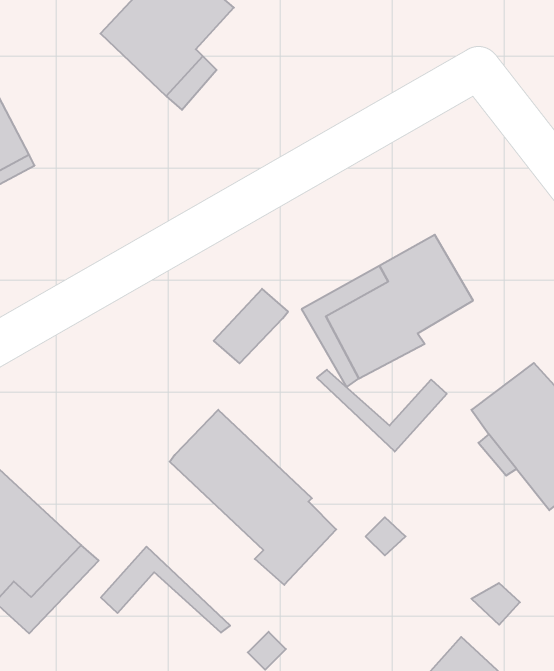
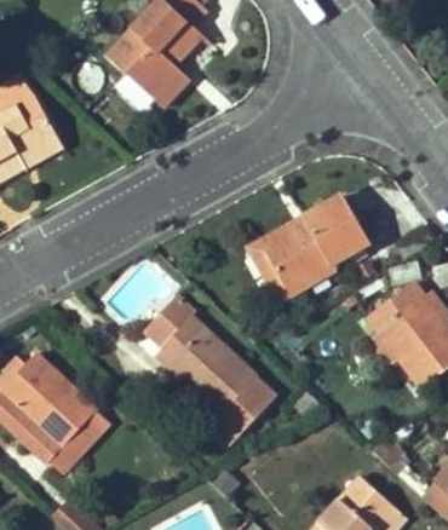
building: [214,289,288,363] -> [143,295,195,347]
building: [317,370,447,452] -> none
building: [101,547,230,633] -> none

